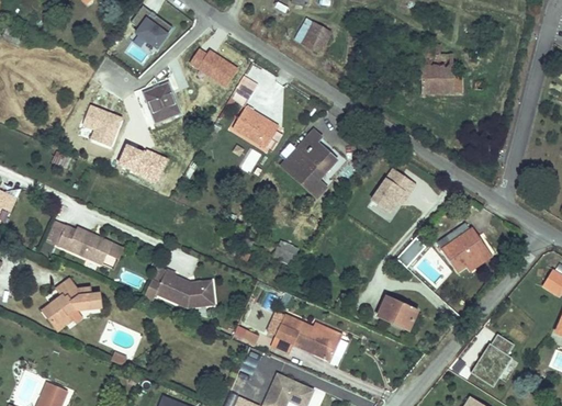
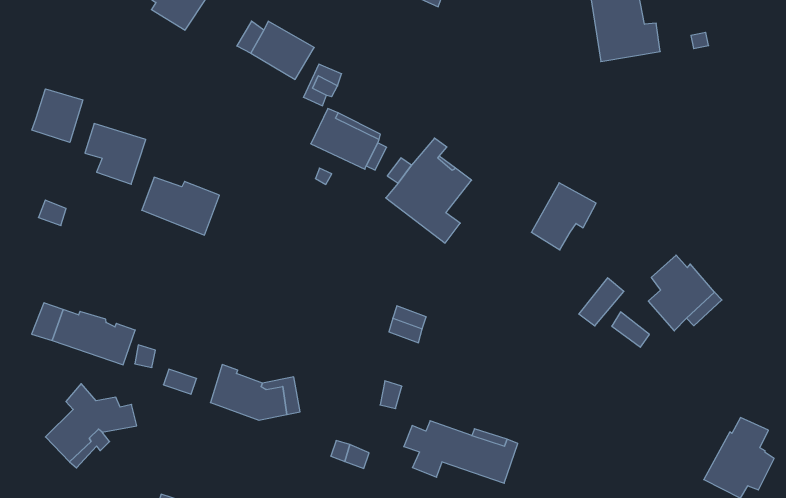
building: [139,77,180,124] -> none
building: none -> [32,89,83,142]
building: [379,298,419,331] -> none

